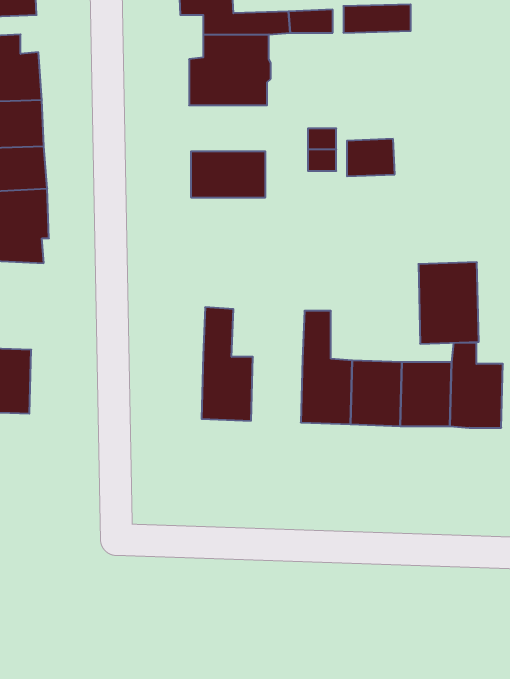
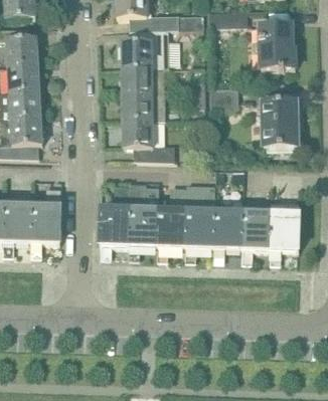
building: none -> [260,23,295,69]
building: none -> [122,67,165,93]
building: none -> [123,120,174,161]
building: [418,262,479,344] -> [263,99,297,146]
building: none -> [31,206,61,243]
building: none -> [100,208,130,245]
building: none -> [157,210,186,247]

